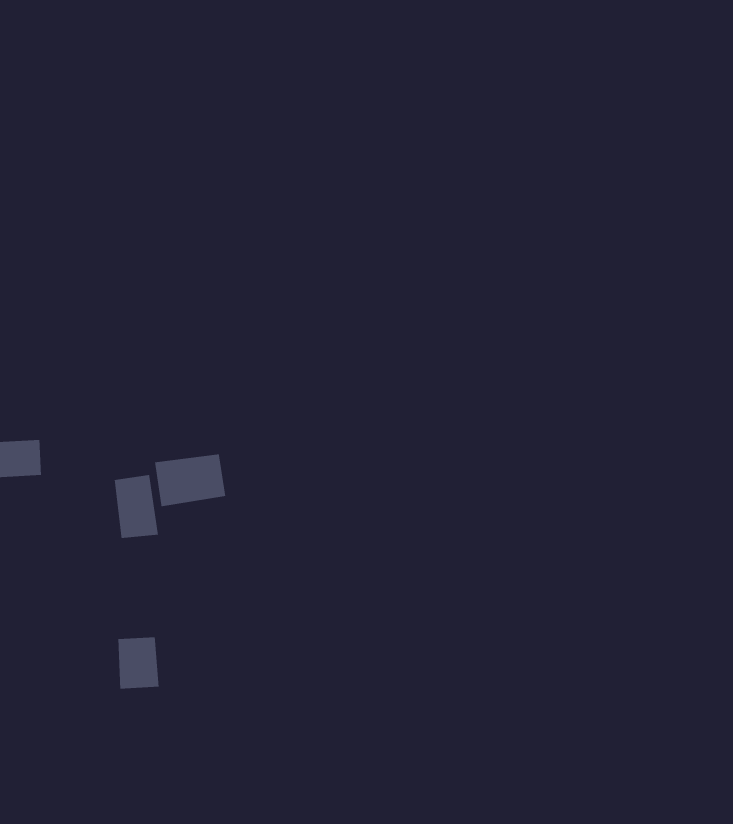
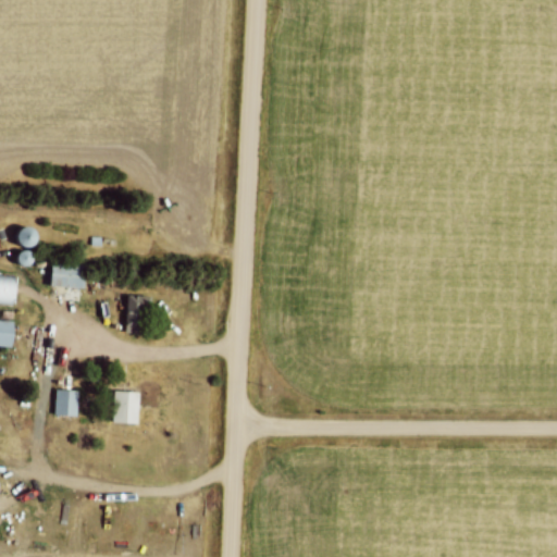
building: [154,453,226,507] -> none
building: none -> [54,391,79,417]

